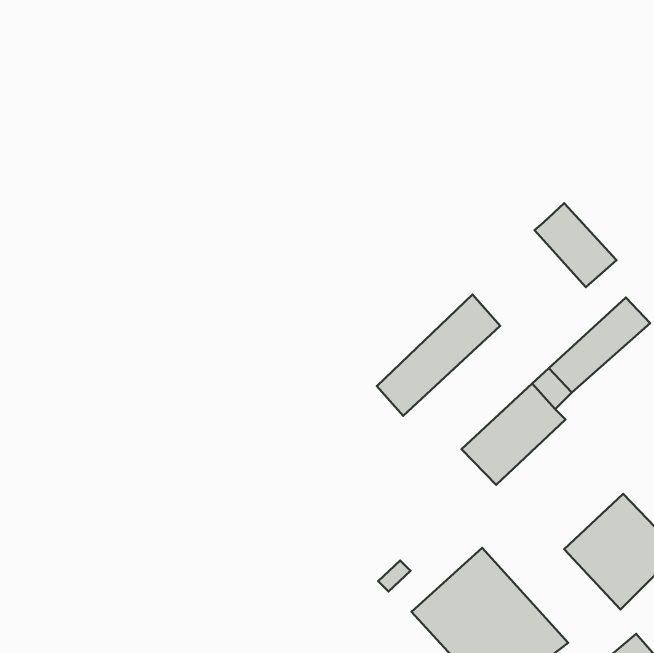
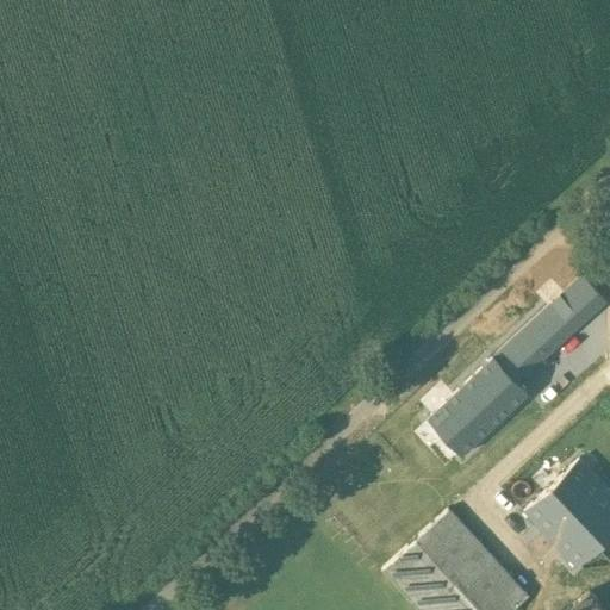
building: [535,203,616,287] -> none
building: [377,295,500,416] -> none

